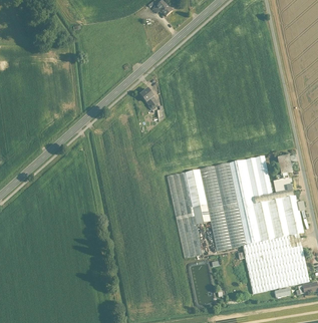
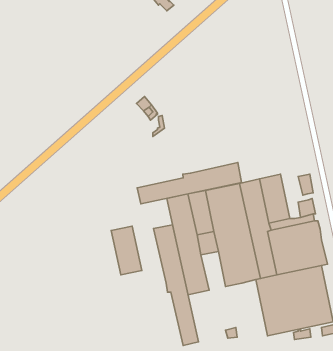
building: none -> [137,163,242,204]
building: none -> [154,225,198,345]
building: none -> [111,226,142,275]

